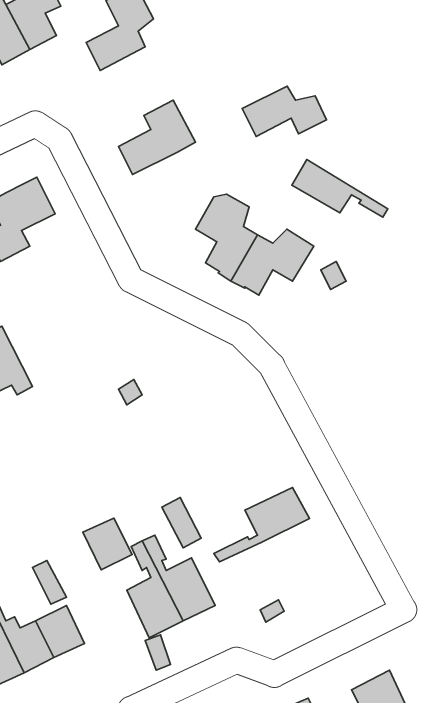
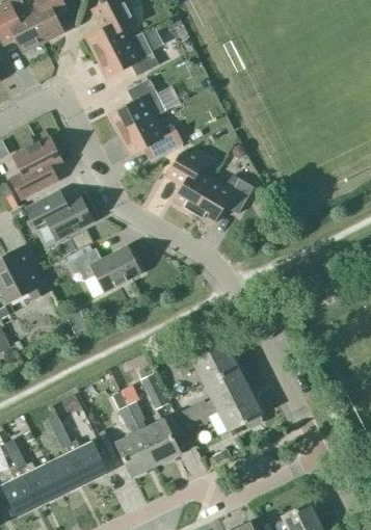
building: none -> [96,33,159,77]
building: [242,86,326,137] -> [120,117,182,155]
building: [292,160,388,217] -> none
building: none -> [26,194,92,240]
building: none -> [68,245,140,297]
building: none -> [174,342,238,382]
building: [83,518,132,570] -> [71,443,107,481]
building: none -> [184,389,263,430]

